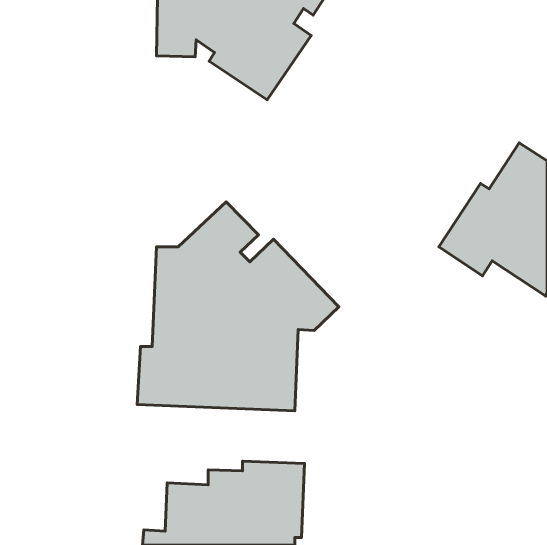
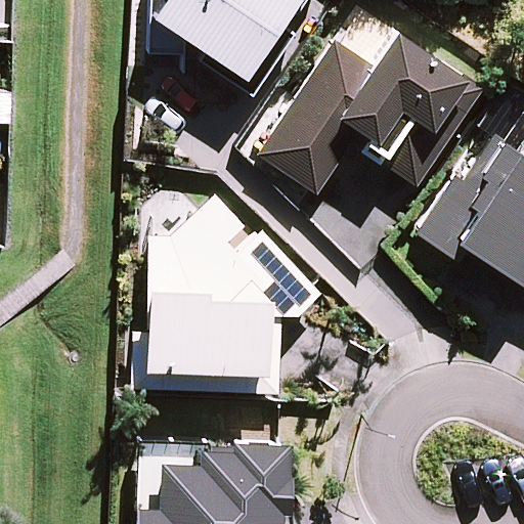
building: none -> [260,32,482,194]

